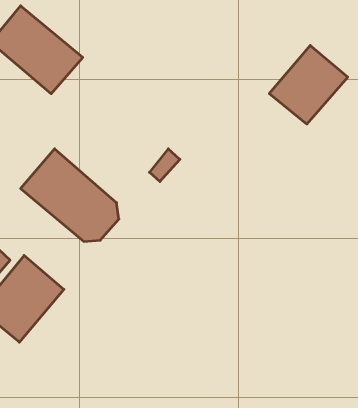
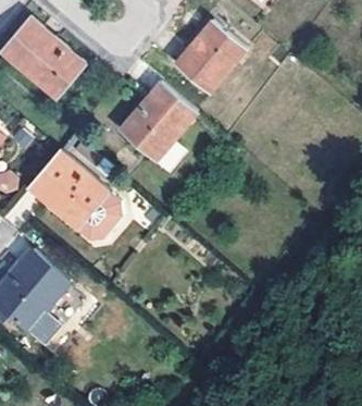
building: [269,45,348,124] -> [174,19,247,91]
building: none -> [118,81,197,160]

